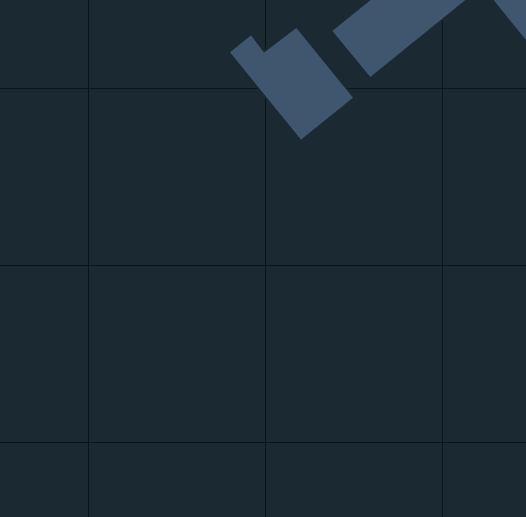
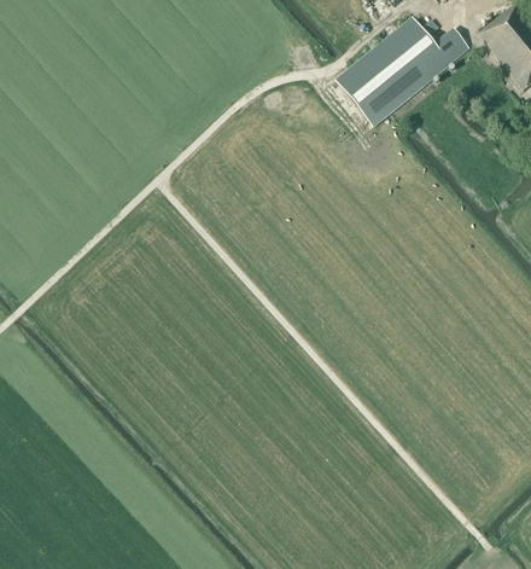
building: [229,27,354,141] -> none

